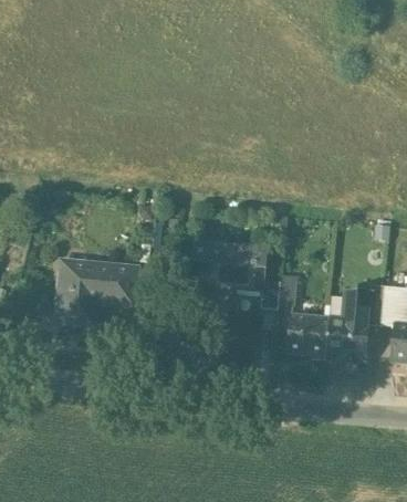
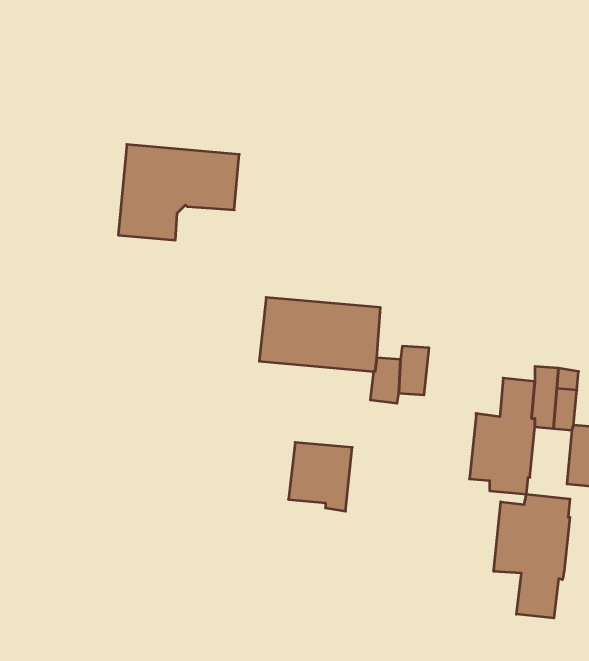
building: [54,262,134,325] -> [118,144,239,240]
building: [286,311,328,356] -> [288,442,352,511]
building: none -> [494,494,570,618]

